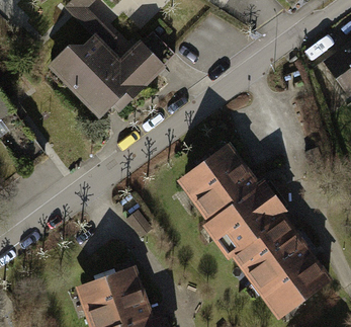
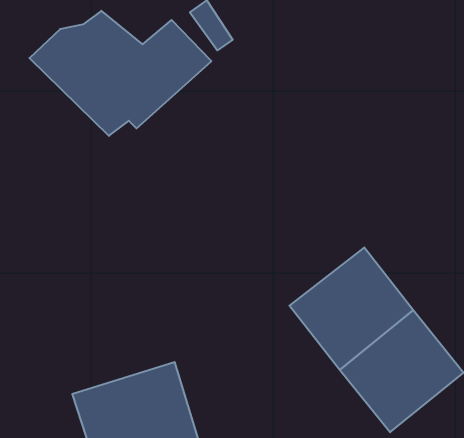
building: [182,151,265,231] -> none

